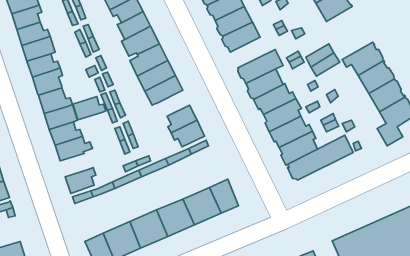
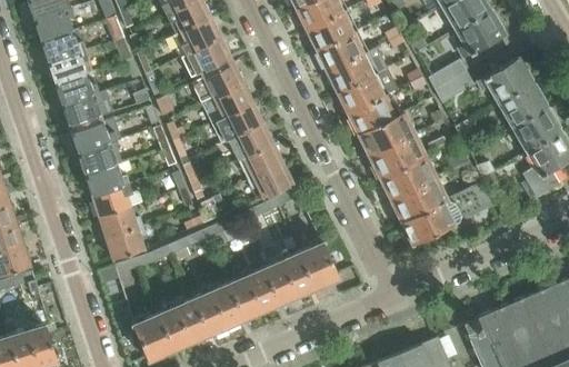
building: none -> [456,10,505,59]
building: none -> [327,47,387,92]
building: none -> [227,122,272,160]
building: [73,97,106,120] -> [99,207,143,238]

